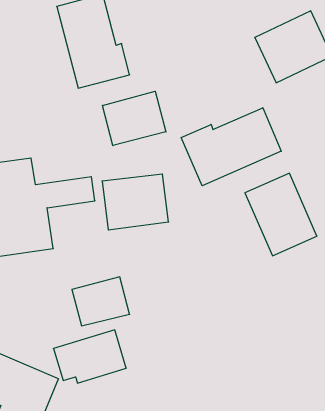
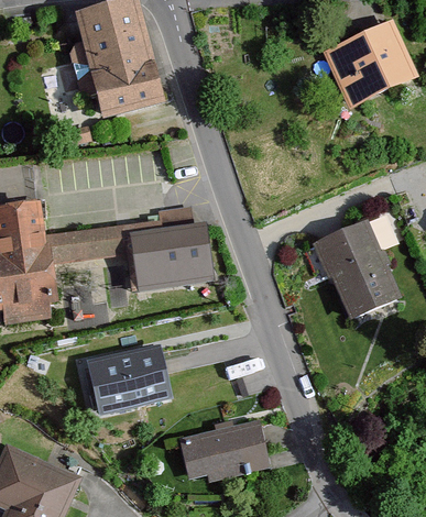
building: [103,91,166,146] -> none
building: [181,108,281,186] -> none
building: [53,330,126,383] -> [178,417,269,483]

